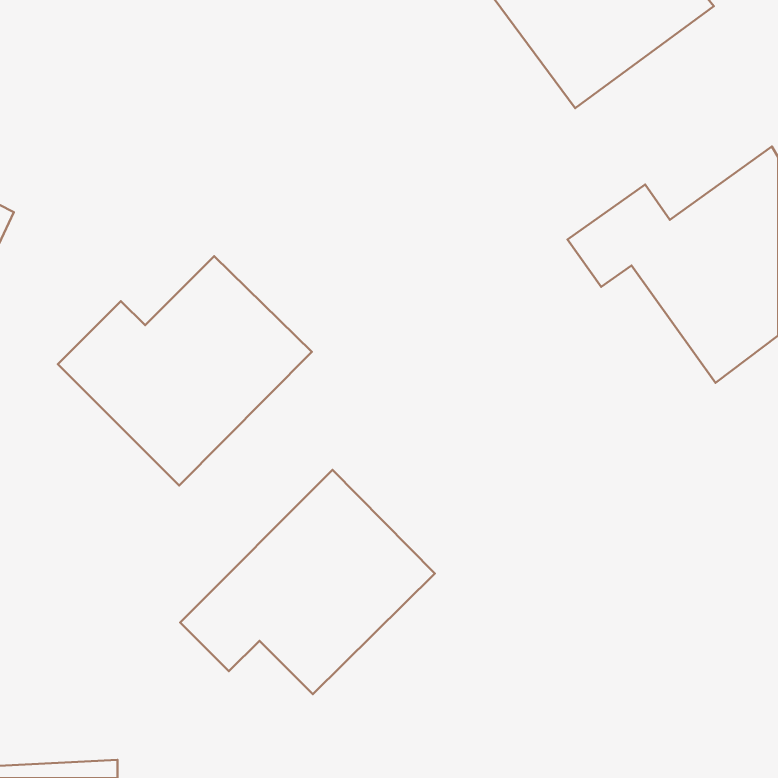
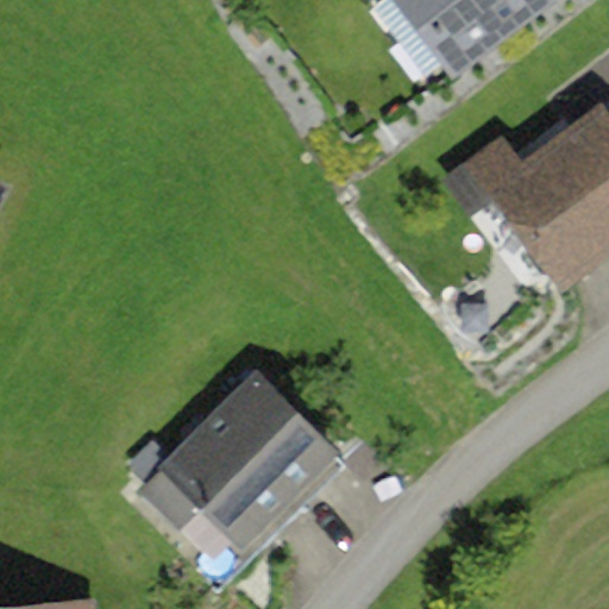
building: [58,256,312,486] -> none

